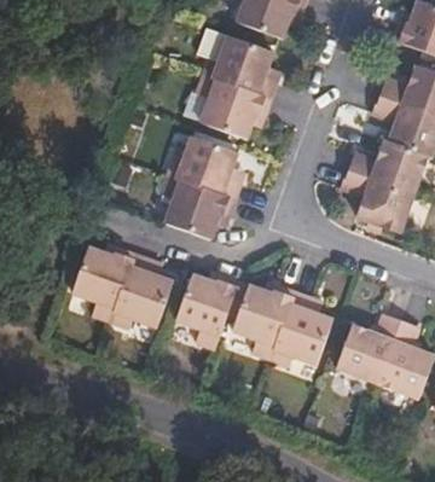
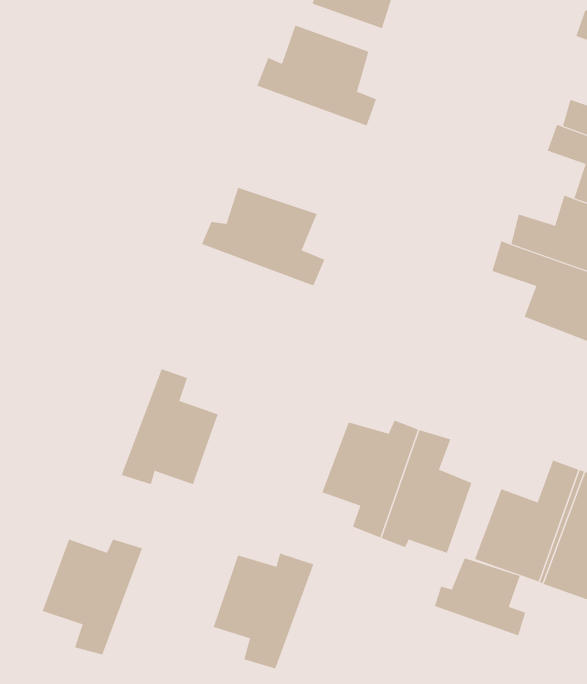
building: [190,72,266,138] -> none
building: [153,173,232,239] -> none
building: [71,245,135,319] -> [42,539,143,655]
building: [176,272,240,345] -> [213,553,314,669]
building: none -> [434,558,526,636]

